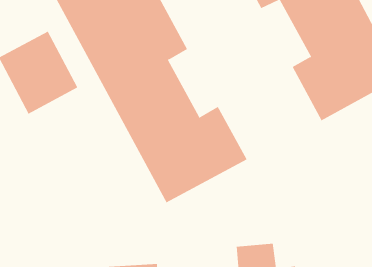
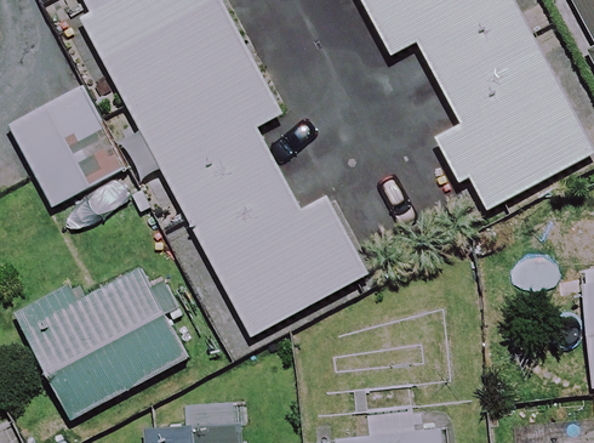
building: none -> [21,262,188,416]

